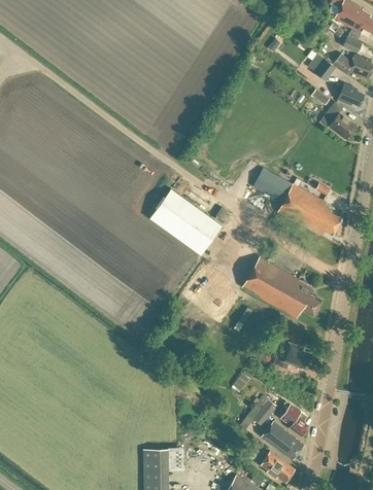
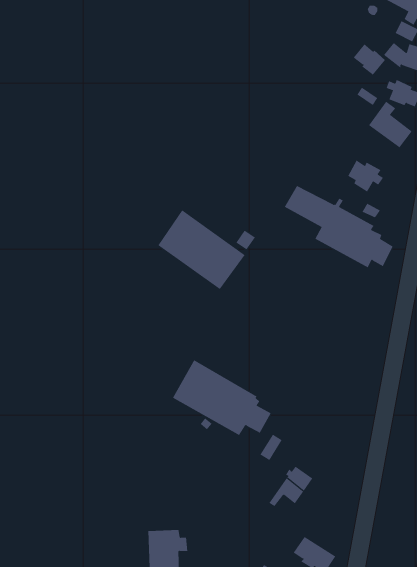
building: none -> [348,160,384,193]
building: [241,256,321,318] -> [172,359,271,436]
building: [273,342,311,369] -> none
building: [280,404,308,436] -> none
building: [261,421,304,459] -> none

